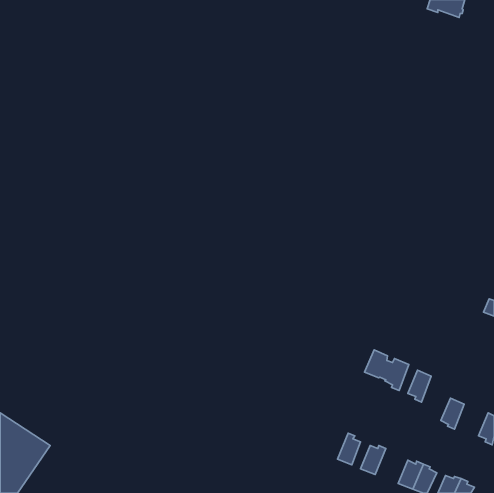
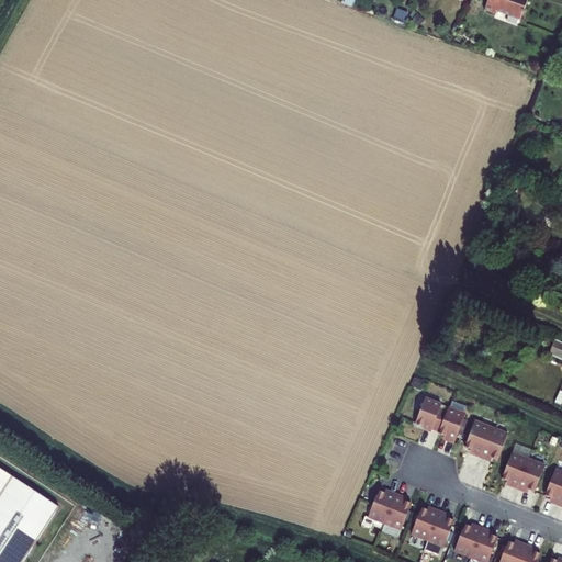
building: none -> [479,427,506,460]
building: none -> [516,459,543,491]
building: none -> [367,488,395,521]
building: none -> [426,509,452,546]

